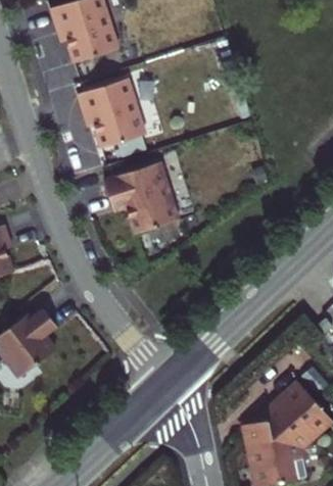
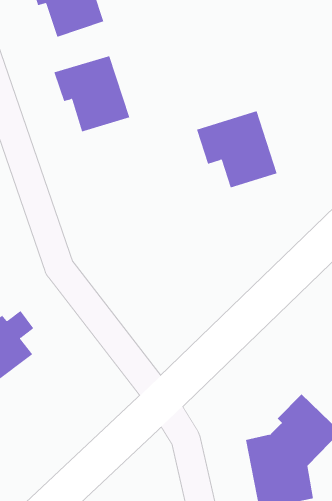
building: [105,163,179,234] -> [196,110,277,188]

